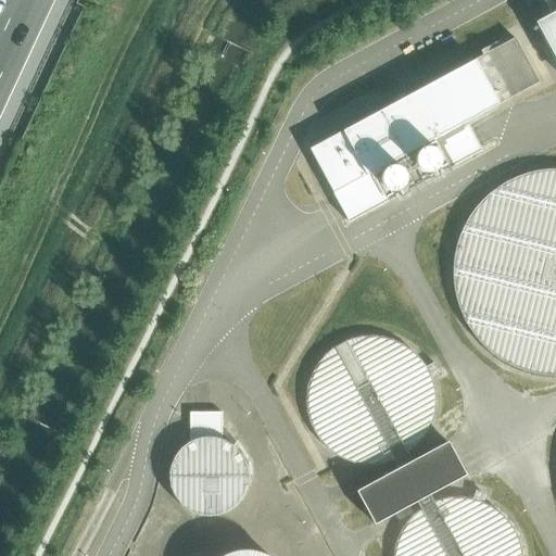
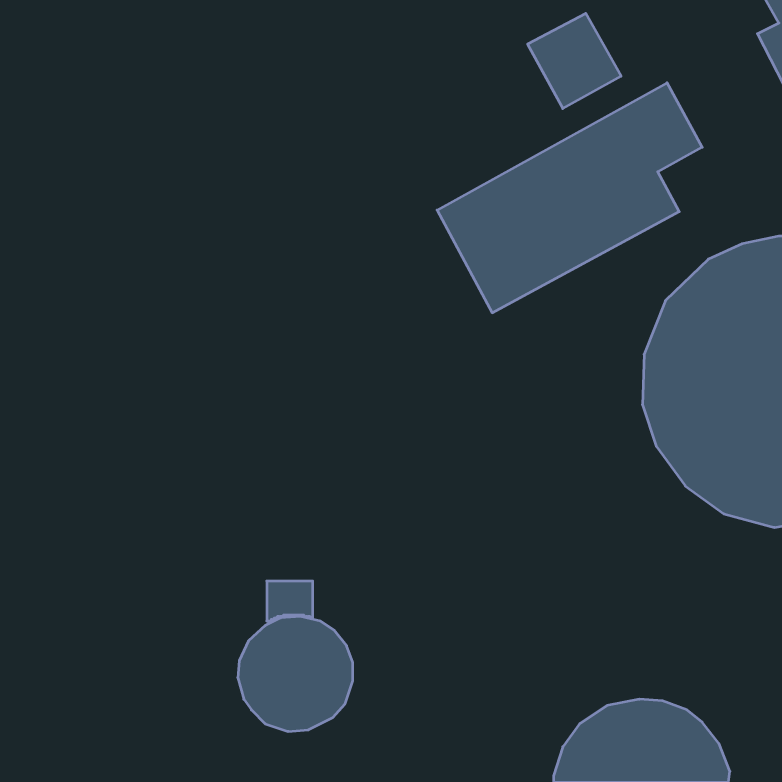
building: [473,37,540,104] -> [528,13,621,109]
building: [307,332,431,457] -> none
building: [357,440,467,523] -> none

